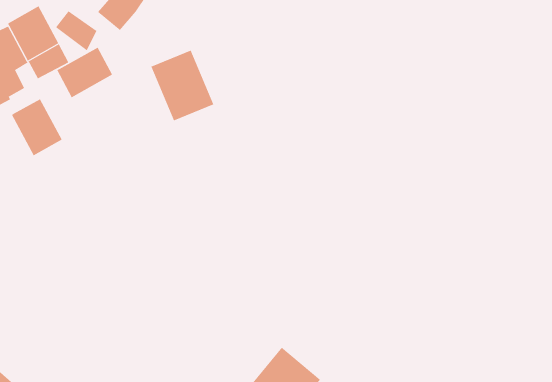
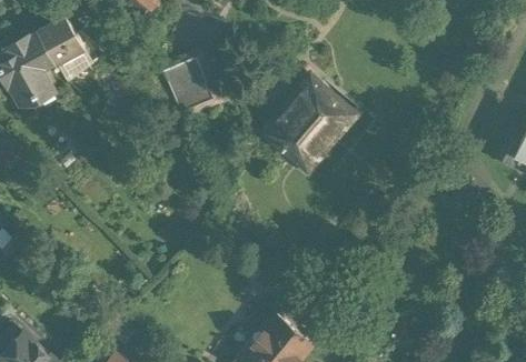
building: [56,47,113,98] -> none
building: none -> [264,81,353,158]
building: [11,98,63,156] -> none

